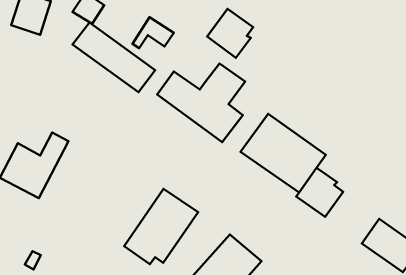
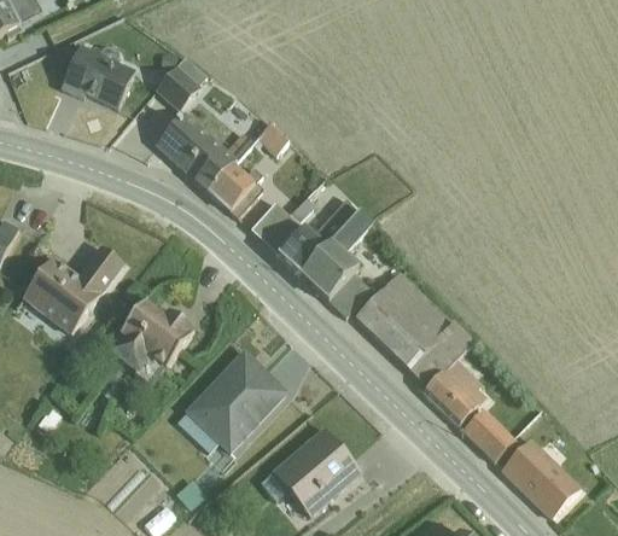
building: [207,9,253,58] -> none
building: none -> [107,299,193,385]
building: none -> [464,409,514,460]

